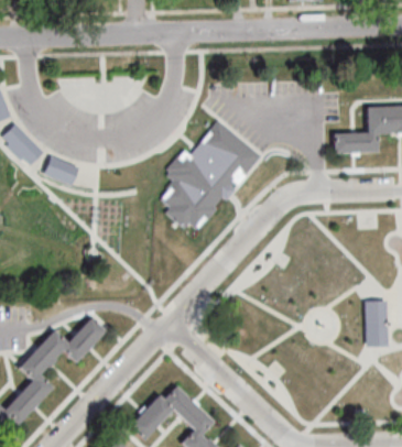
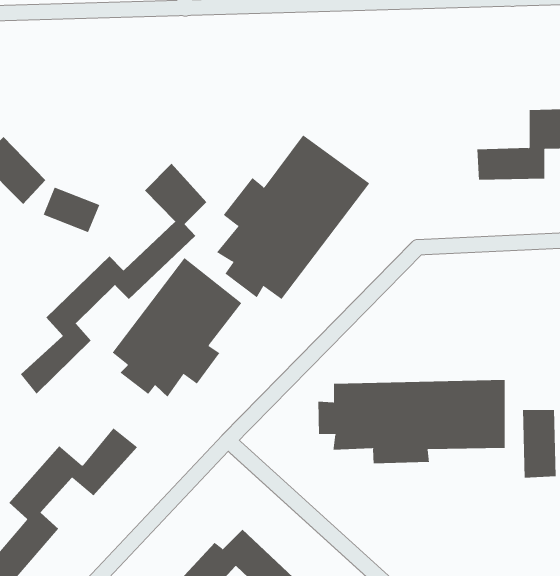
building: none -> [20,163,207,394]
building: none -> [112,257,242,397]
building: none -> [318,379,505,464]

